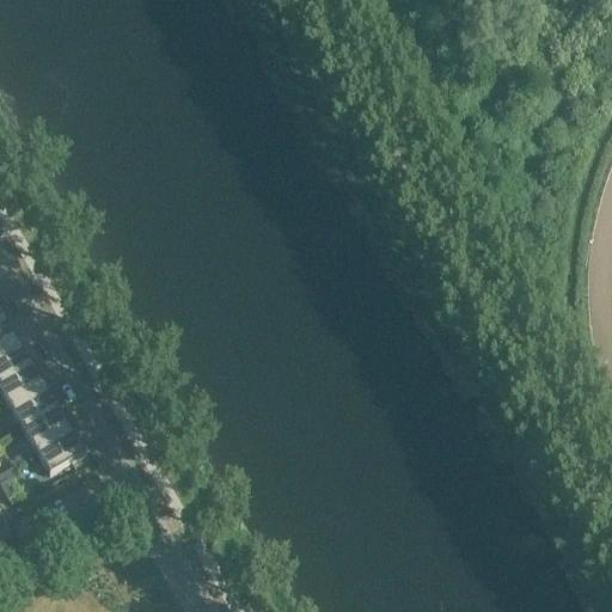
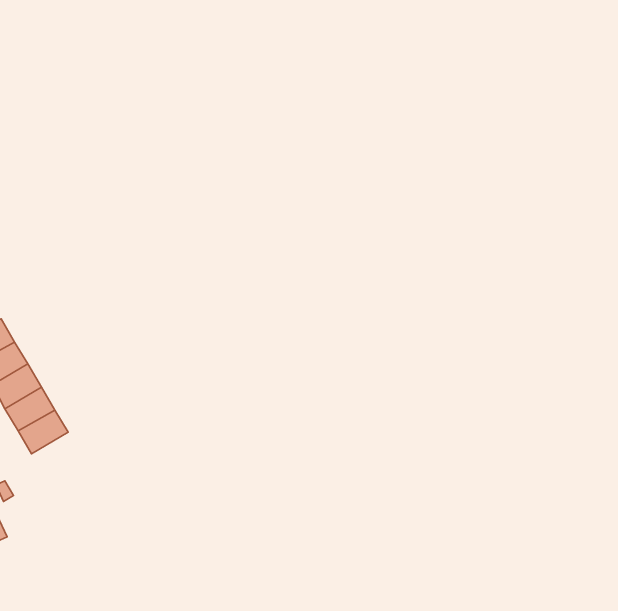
building: [31,424,80,469] -> none

